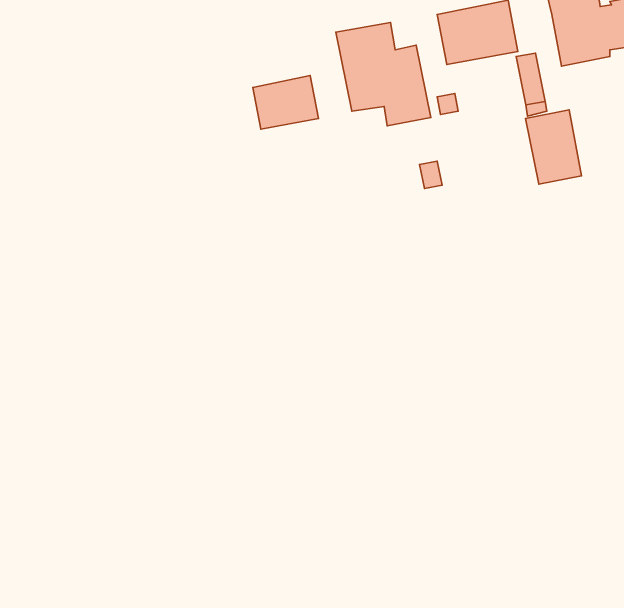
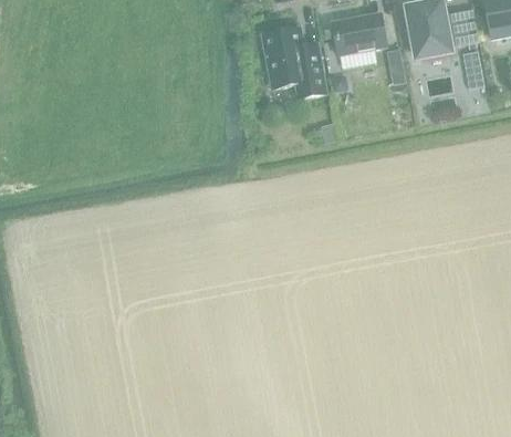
building: [253,76,319,129] -> none
building: [525,110,581,184] -> none

